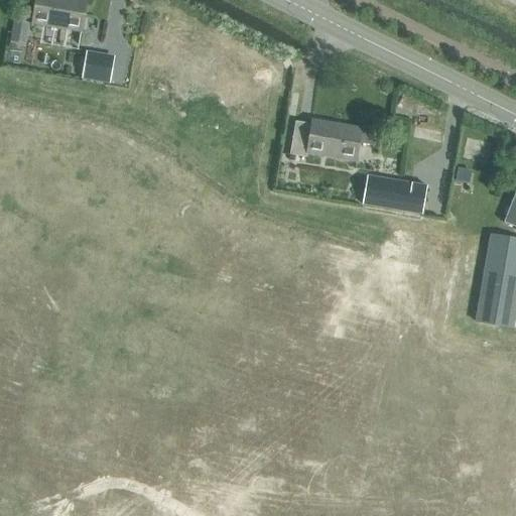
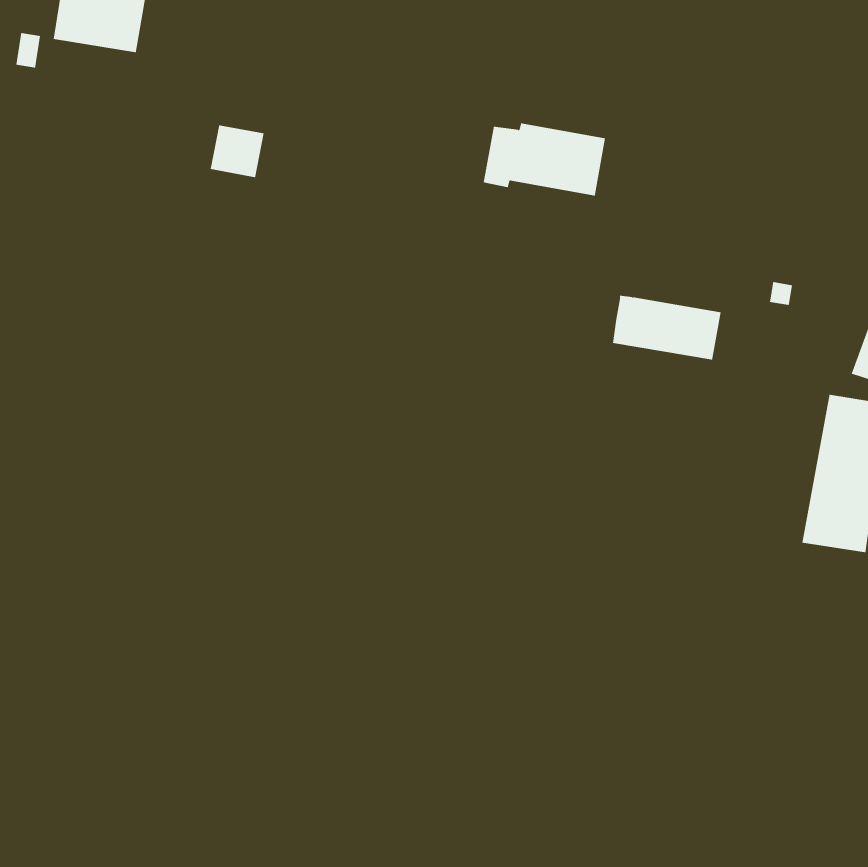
building: [84,50,116,82] -> [210,125,264,178]
building: [291,118,364,161] -> [483,123,606,196]

